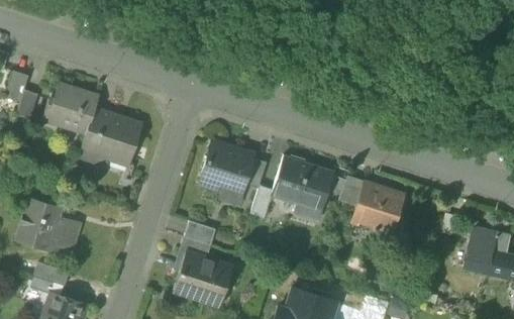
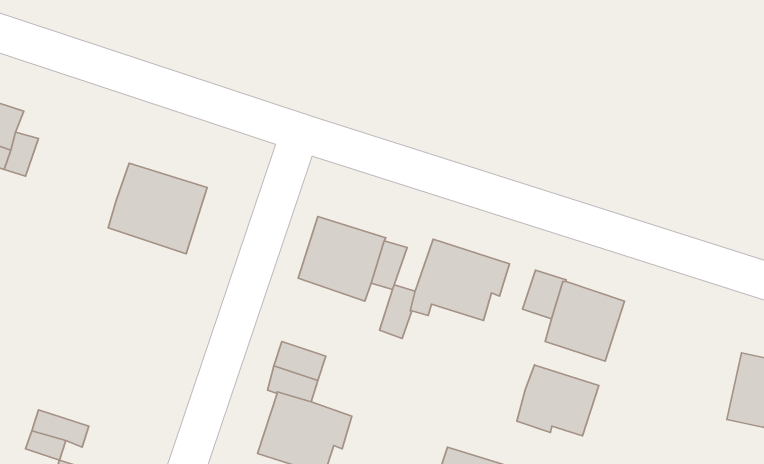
building: [41,85,97,133] -> none
building: [18,199,80,255] -> none
building: none -> [517,365,599,436]

